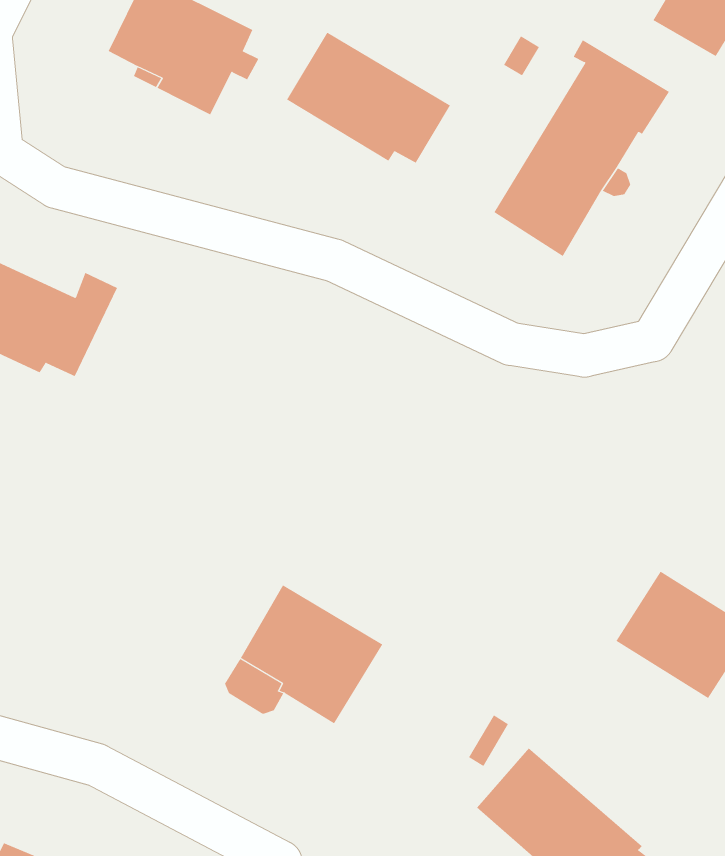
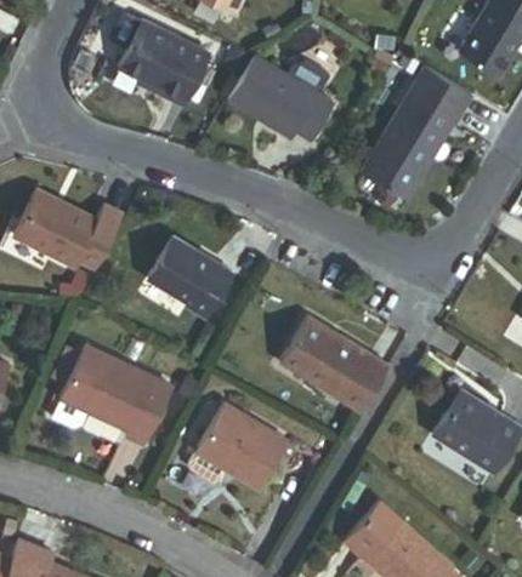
building: none -> [148,238,233,320]
building: none -> [283,316,391,410]
building: none -> [55,347,171,444]

